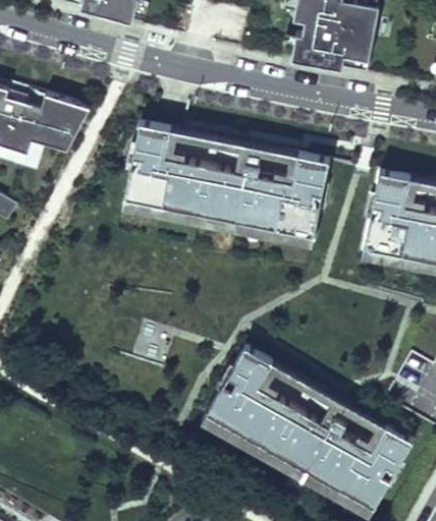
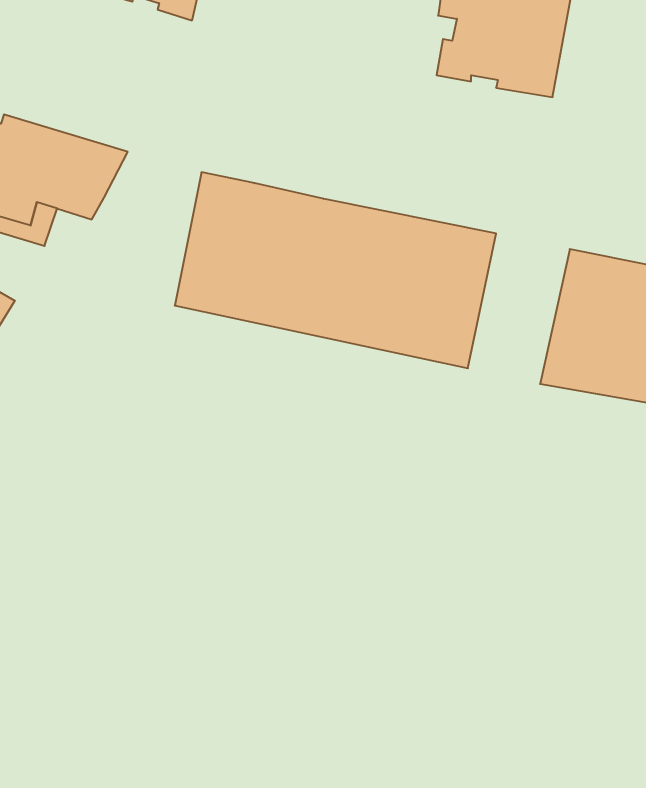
building: [205,345,414,510] -> none

